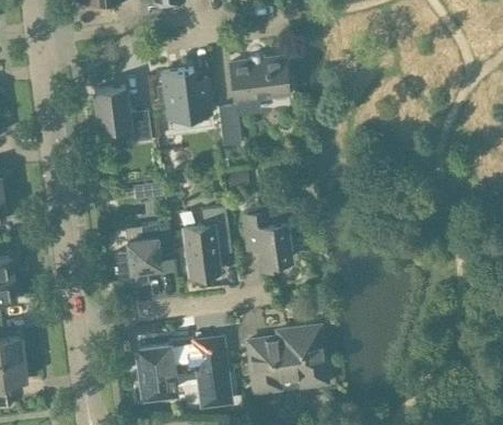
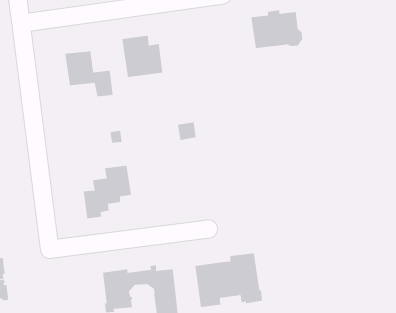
building: [229,56,291,102] -> [251,10,303,48]
building: [218,106,241,145] -> none
building: [242,198,301,268] -> none
building: [183,208,229,276] -> none

